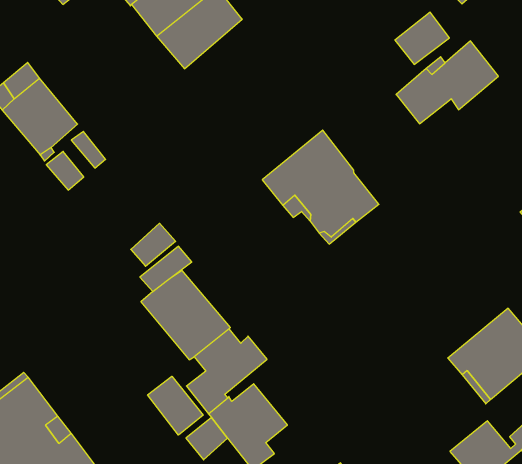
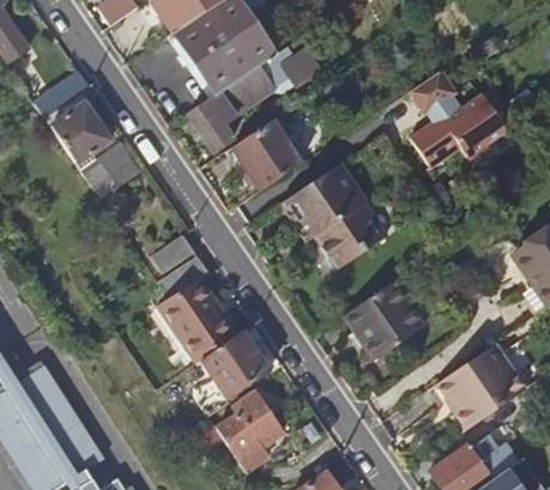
building: none -> [188,46,321,151]
building: none -> [230,119,302,192]
building: none -> [345,280,424,357]
building: [148,376,203,435] -> none

